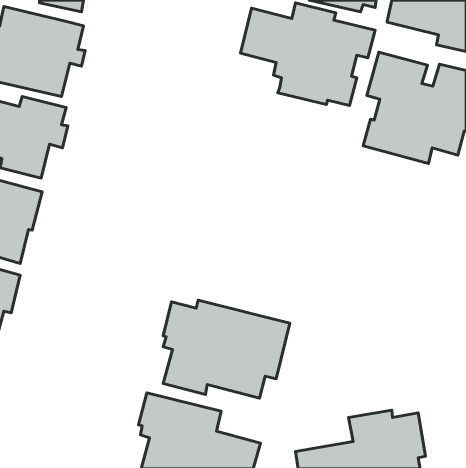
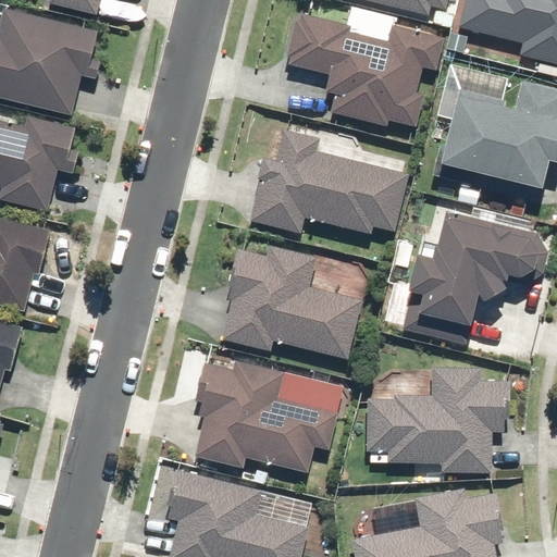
building: none -> [247,126,409,234]
building: none -> [400,213,548,335]
building: none -> [221,244,362,359]
building: none -> [366,367,511,470]

